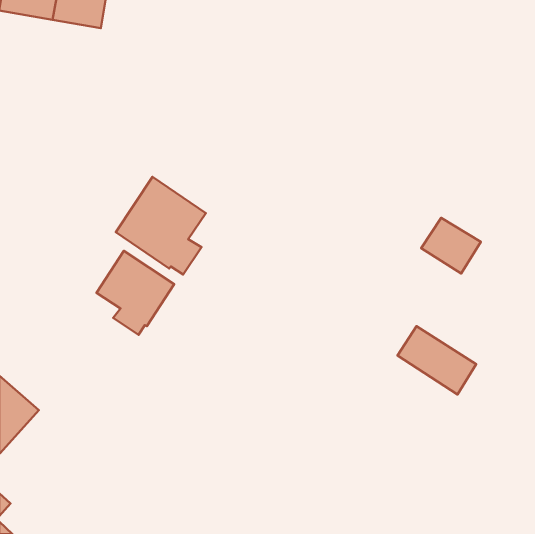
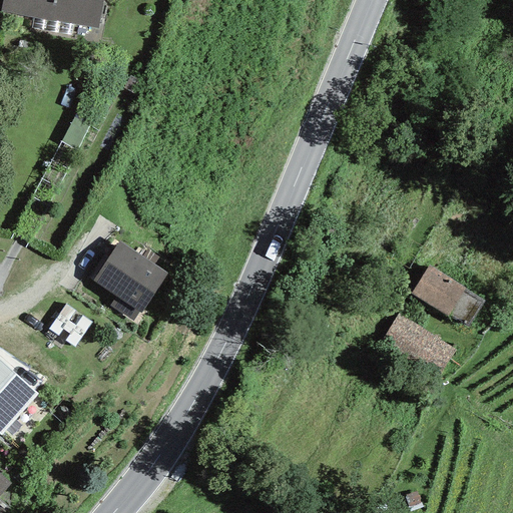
building: [116,177,206,275] -> none
building: [421,218,481,273] -> [409,263,466,316]
building: none -> [51,308,92,348]

